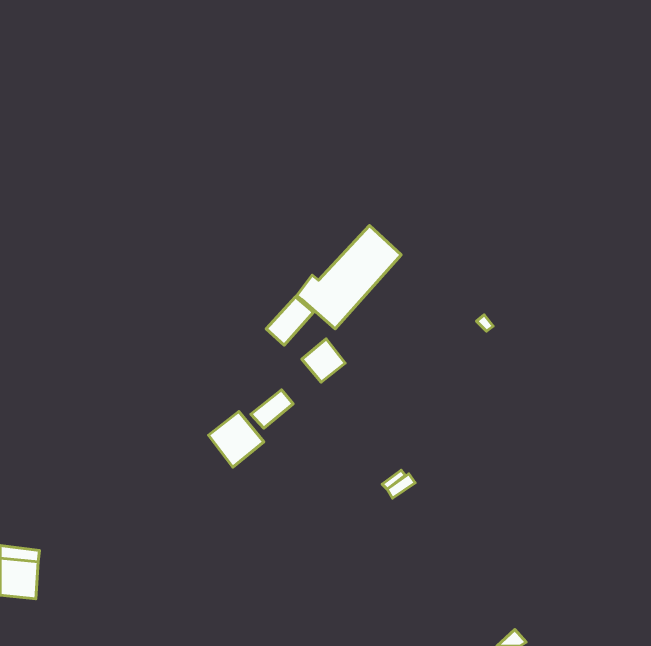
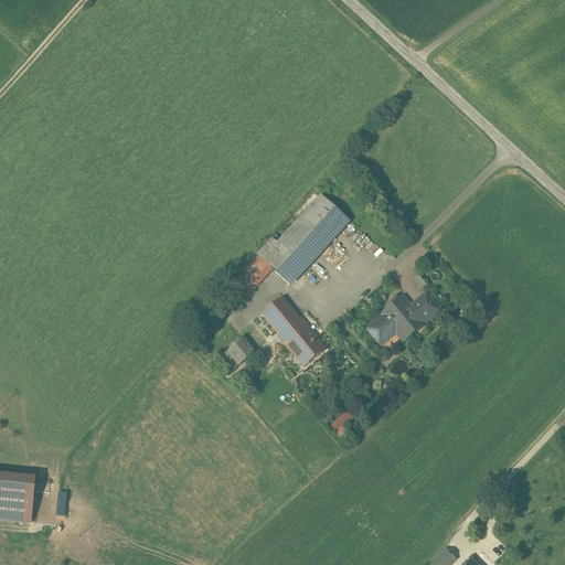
building: none -> [367,295,438,341]
building: none -> [278,315,326,363]
building: [208,412,264,467] -> none

